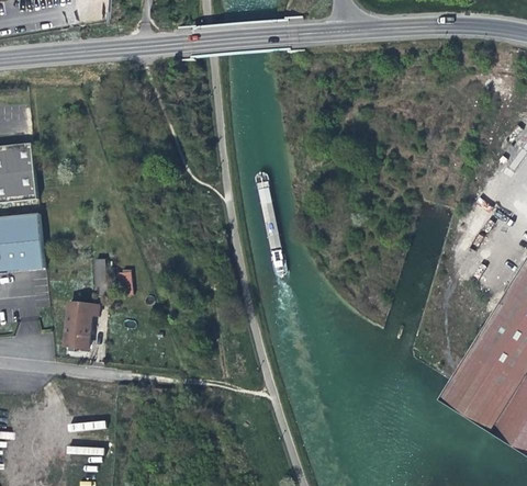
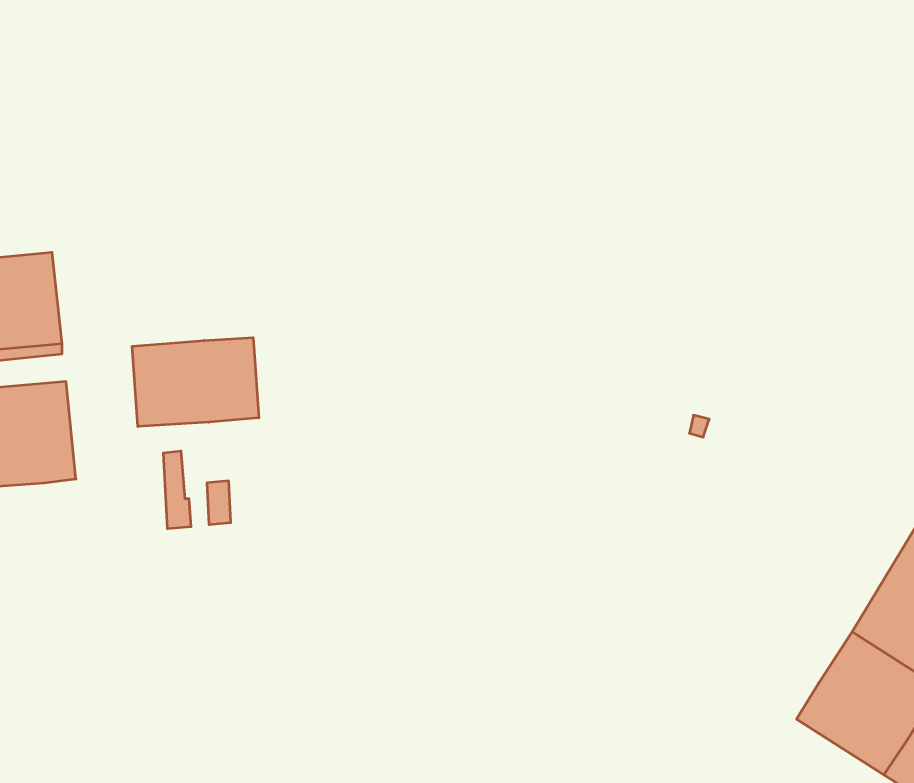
building: none -> [132,338,259,427]
building: [65,301,99,347] -> none

